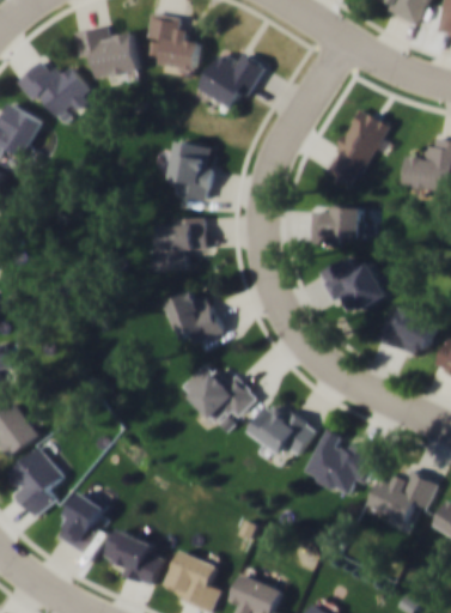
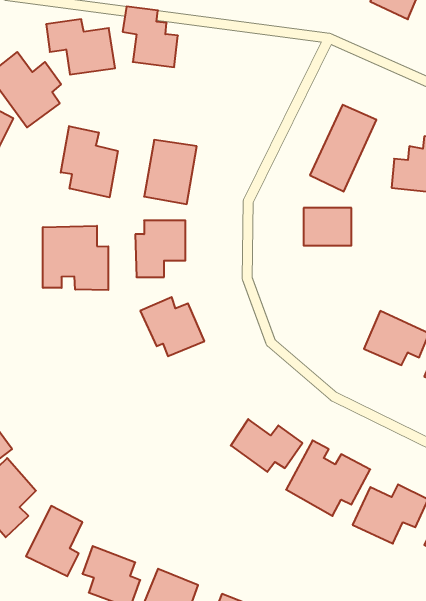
building: [195,51,264,114] -> none
building: none -> [61,126,118,197]
building: none -> [43,226,108,290]
building: [325,256,388,315] -> none
building: [178,363,258,433] -> none

